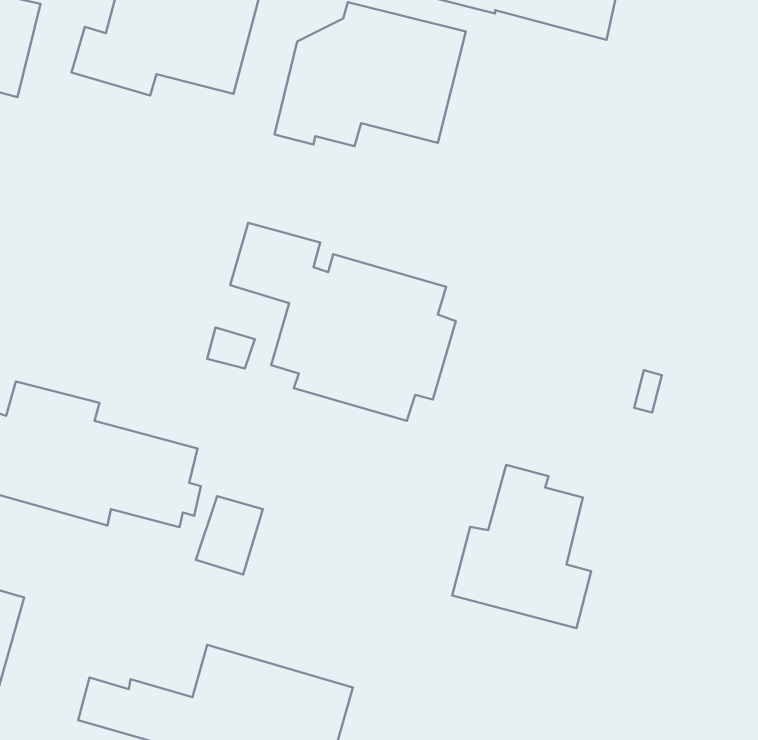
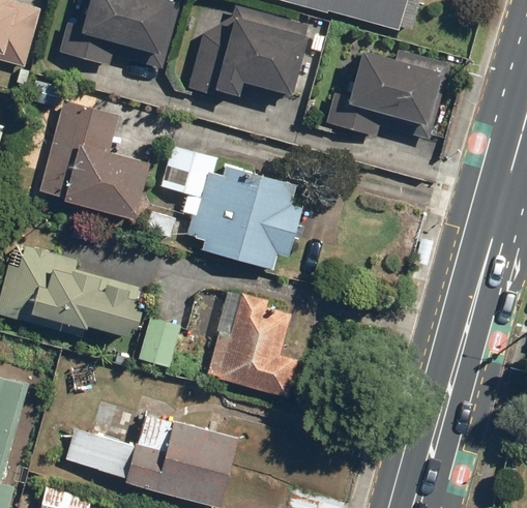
building: none -> [324,50,447,137]
building: none -> [39,100,148,218]
building: [452,465,591,628] -> [207,292,295,395]

